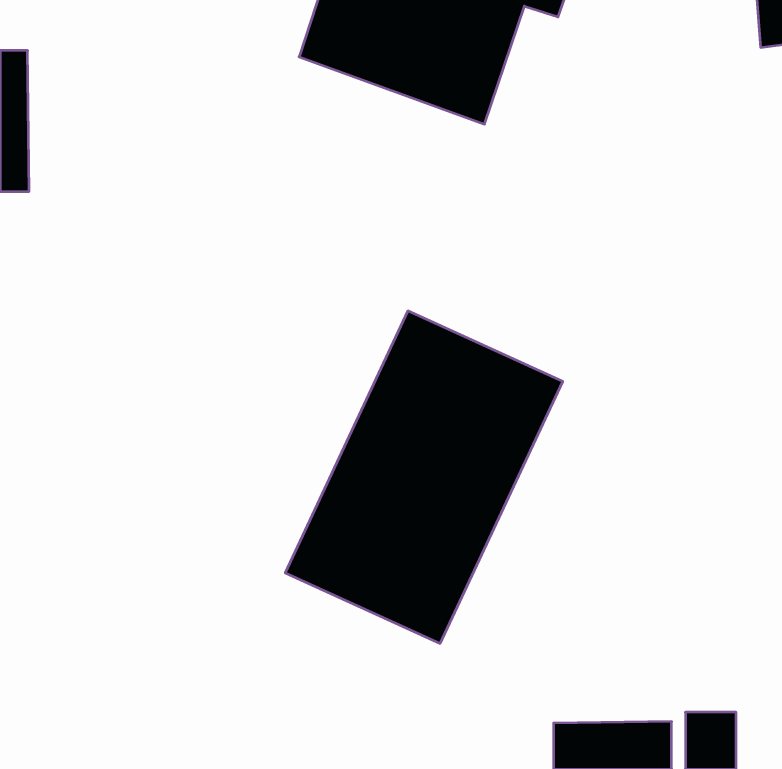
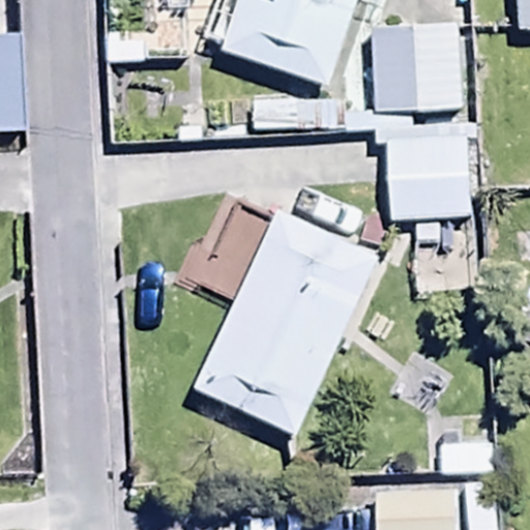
building: none -> [372,27,461,110]
building: none -> [386,137,470,219]

